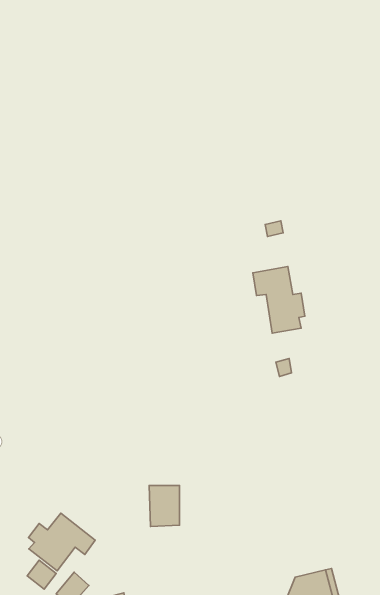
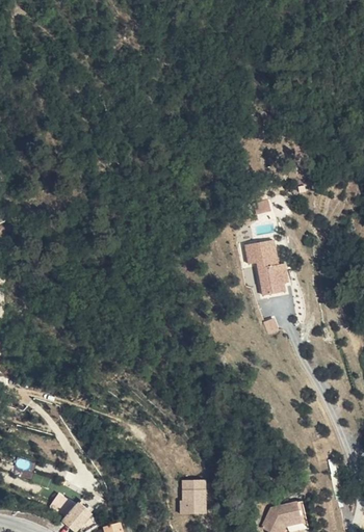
building: [149,485,179,526] -> [176,478,202,513]
building: [29,513,95,571] -> none

